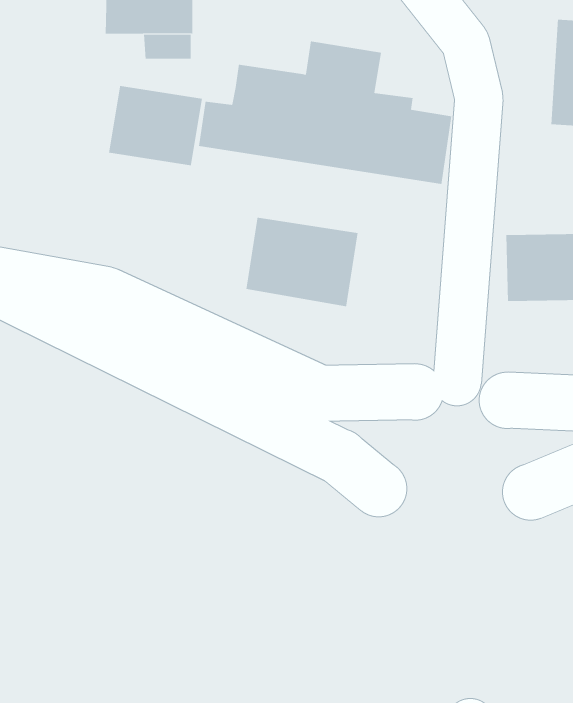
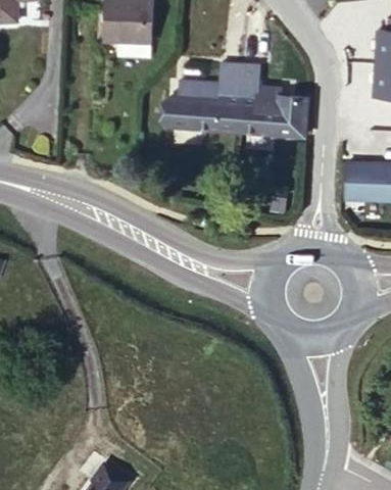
building: [109,85,202,166] -> none
building: [246,217,358,307] -> none

